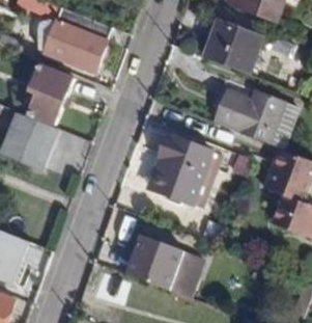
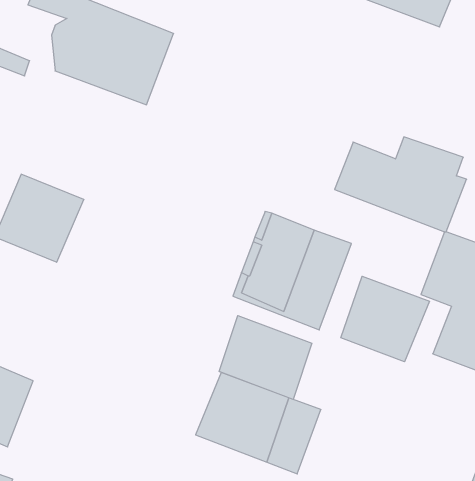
building: [203,20,263,74] -> none
building: [30,64,75,124] -> none
building: none -> [341,276,429,362]
building: none -> [219,316,312,399]

